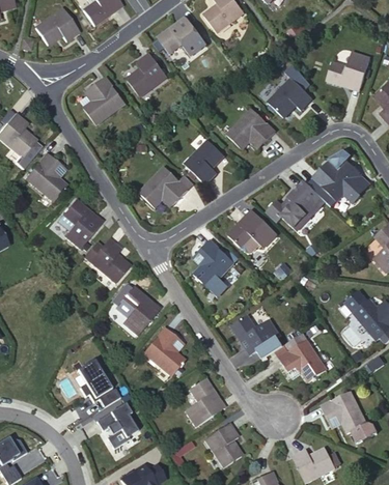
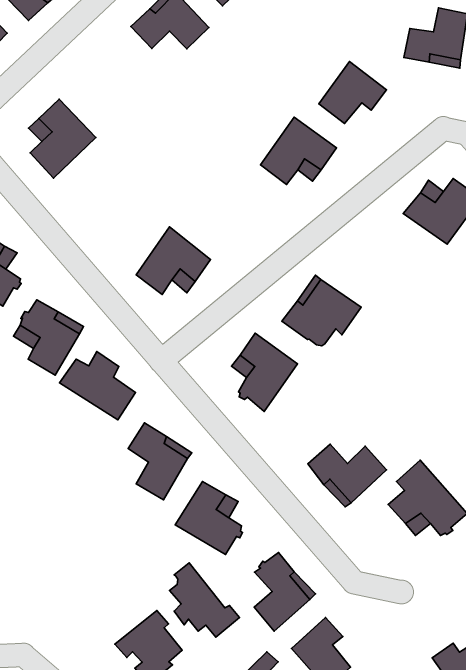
building: [128,54,167,97] -> none
building: [184,140,222,184] -> none
building: [280,180,325,230] -> none
building: [78,359,119,407] -> [170,563,240,637]

